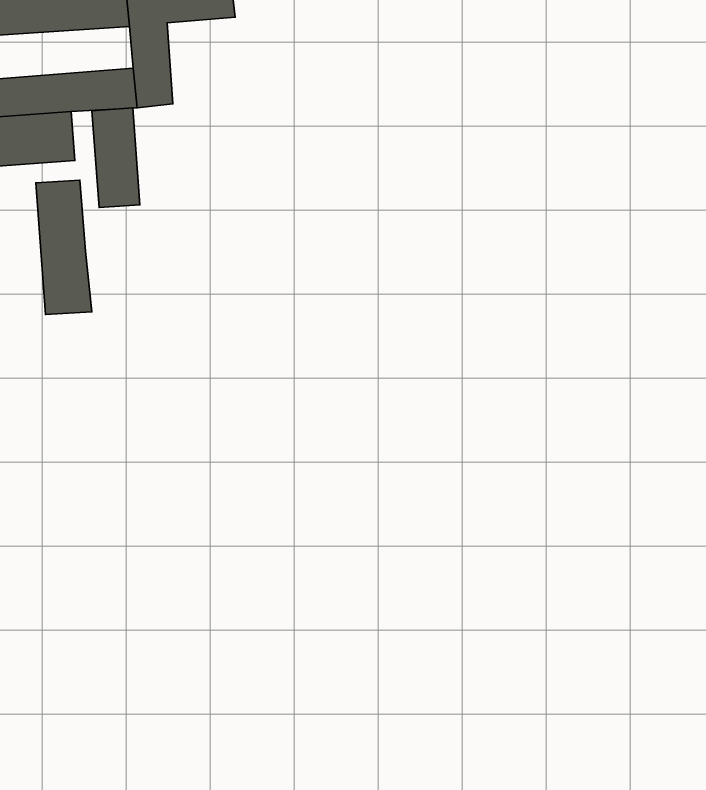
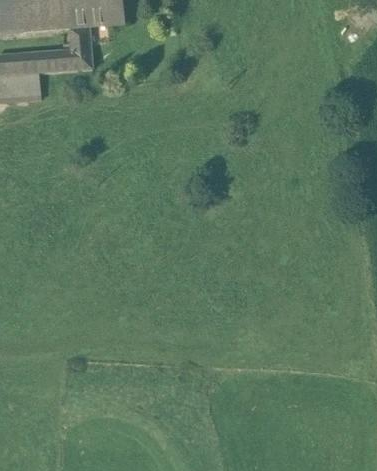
building: [92,108,140,207] -> none
building: [36,180,92,314] -> none

